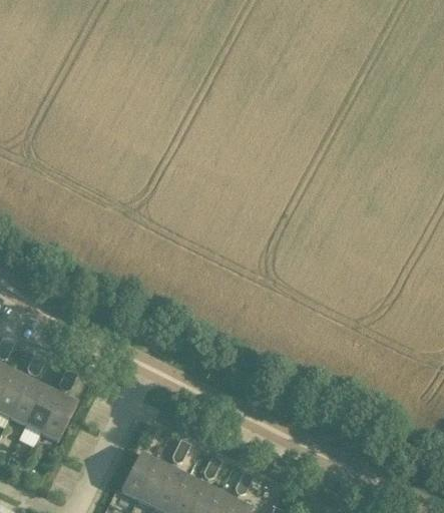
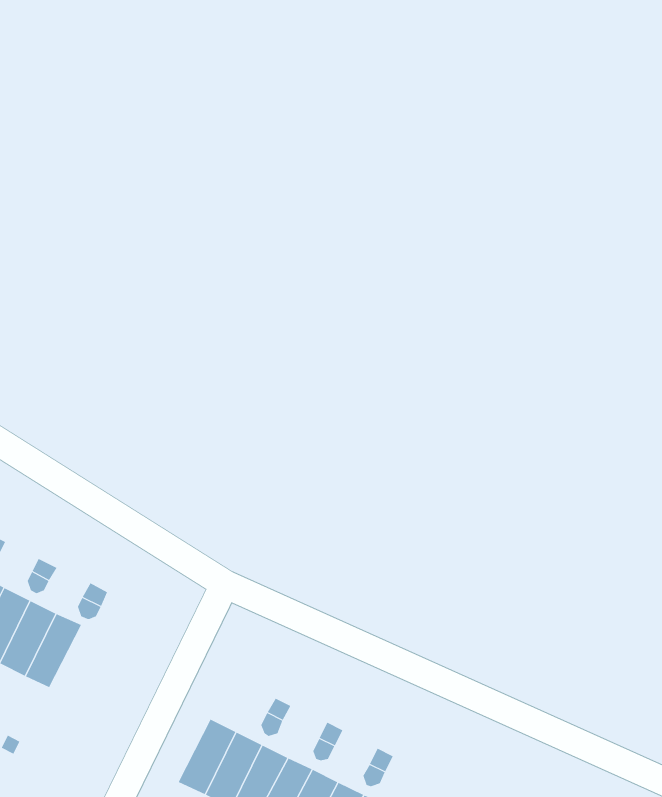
building: [41,394,77,442] -> none

